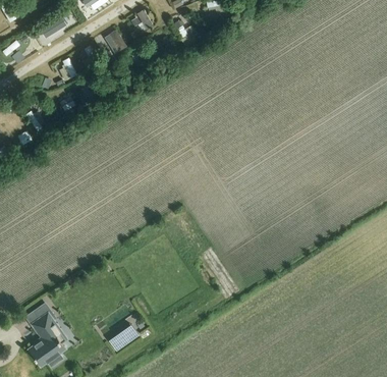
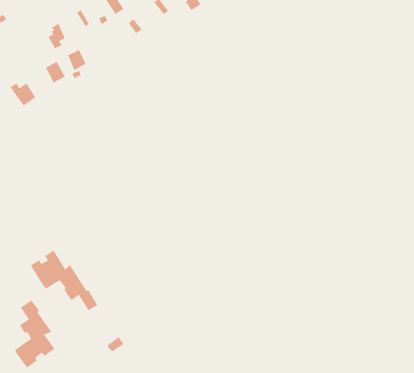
building: none -> [30,250,98,311]

